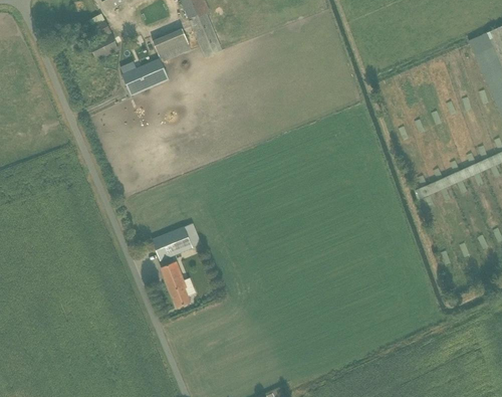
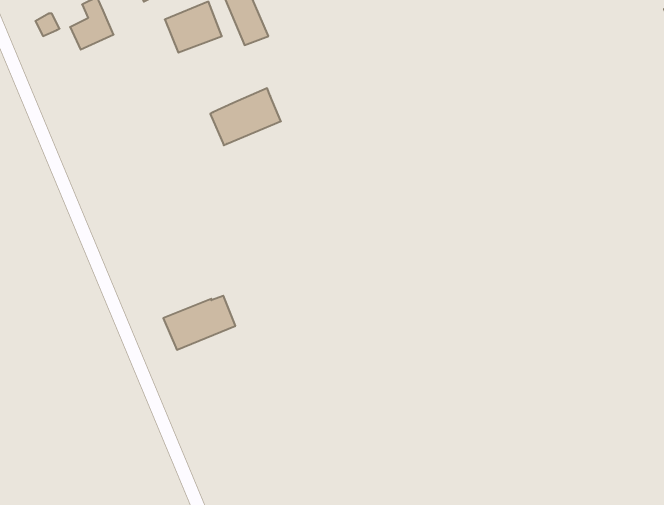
building: [120,57,168,95] -> [210,88,281,145]
building: [160,261,193,308] -> none

